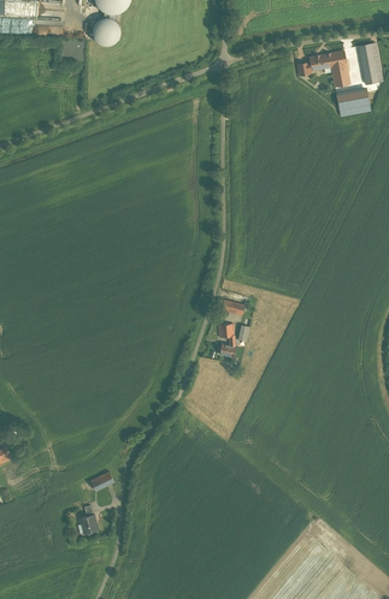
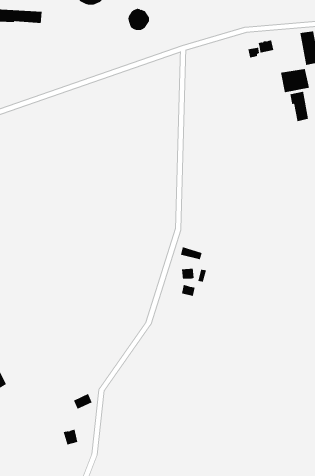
building: [92,16,118,42] -> [127,8,150,31]
building: [325,51,348,87] -> [290,91,309,122]

